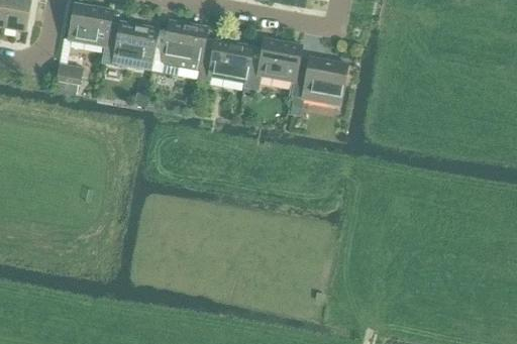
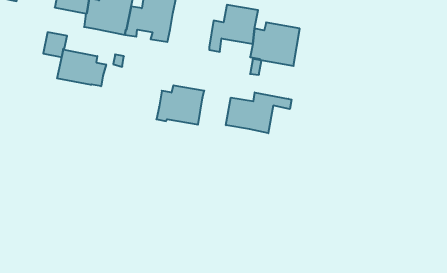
building: [196,39,250,84] -> [156,85,204,125]
building: none -> [57,50,106,86]
building: none -> [226,92,292,133]

